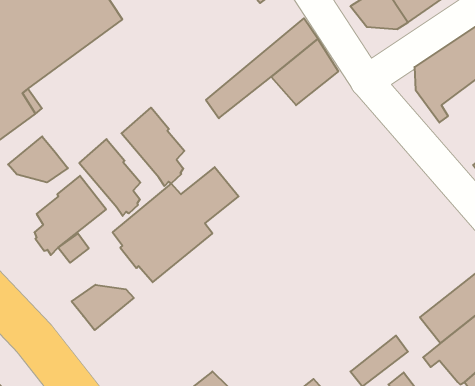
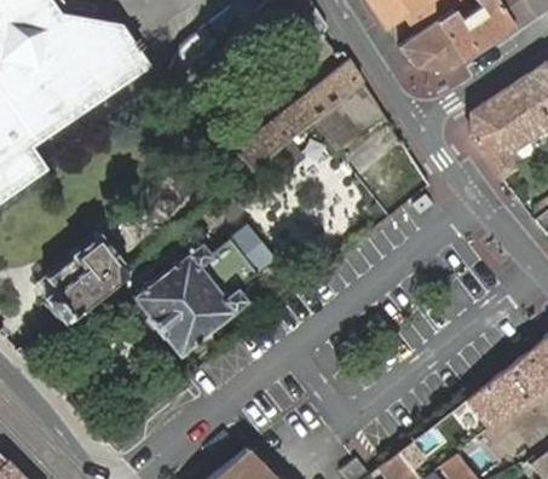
building: [121,108,184,186] -> none
building: [8,136,68,182] -> none
building: [79,139,140,216] -> none
building: [72,285,134,330] -> none

